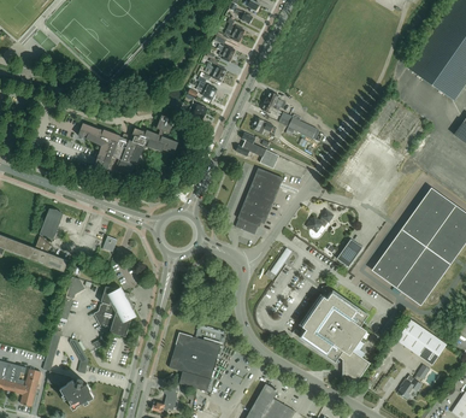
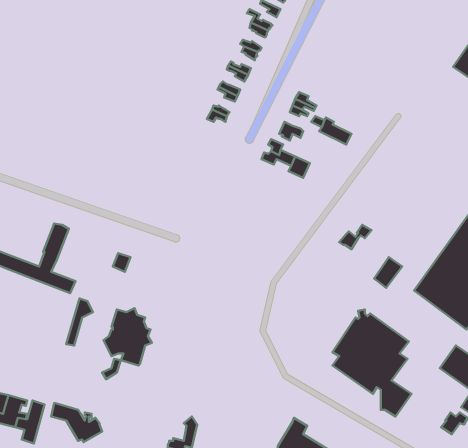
building: [78,114,178,176] -> none
building: [236,167,283,235] -> none
building: [169,332,222,391] -> none

